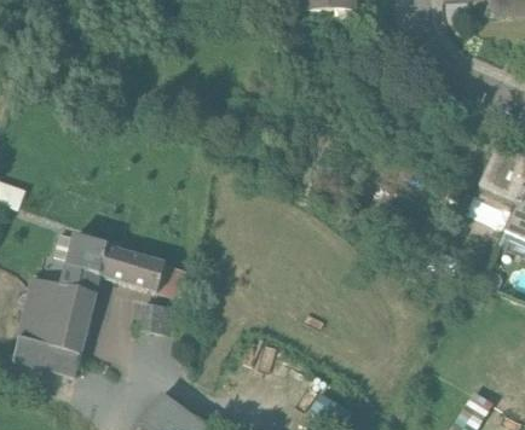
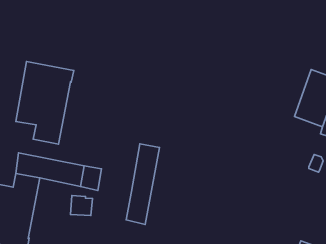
building: none -> [16,61,74,144]
building: none -> [126,144,159,225]

